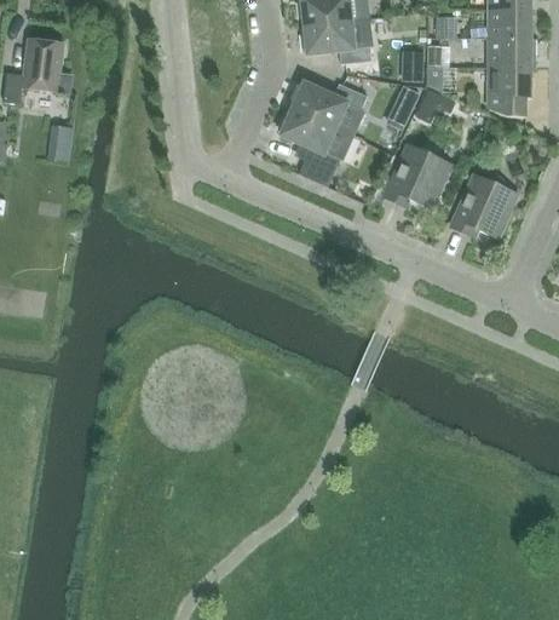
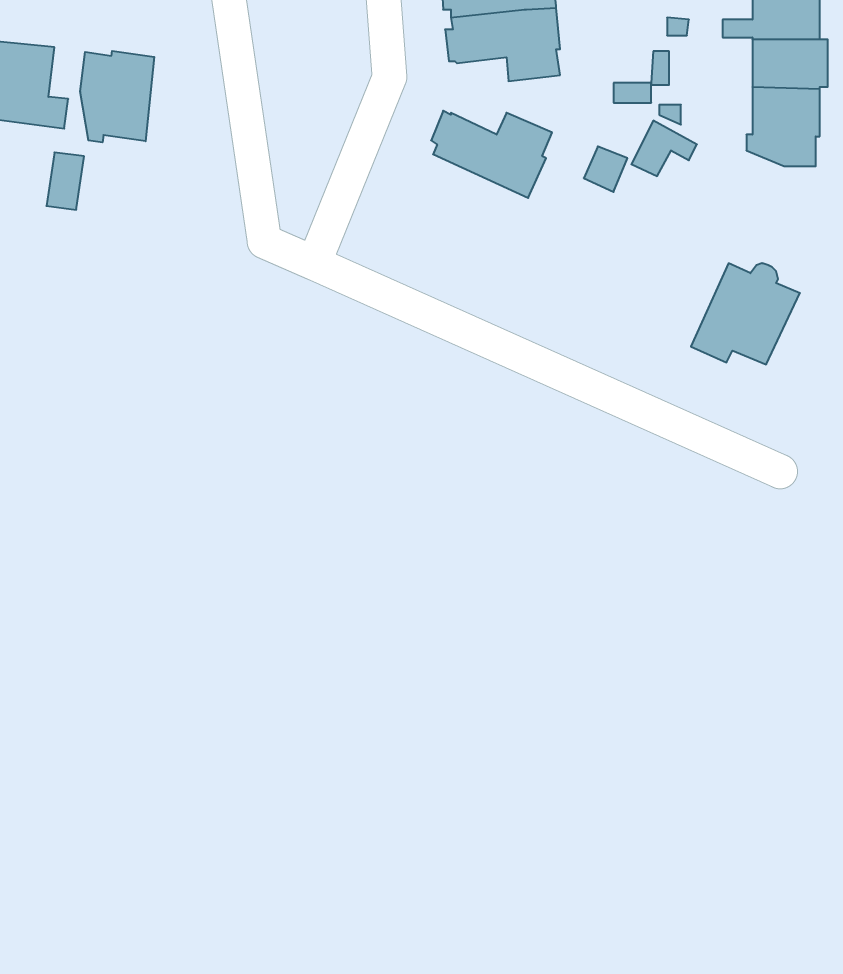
building: none -> [80,51,154,142]
building: [277,109,351,183] -> none
building: [384,145,449,208] -> none

